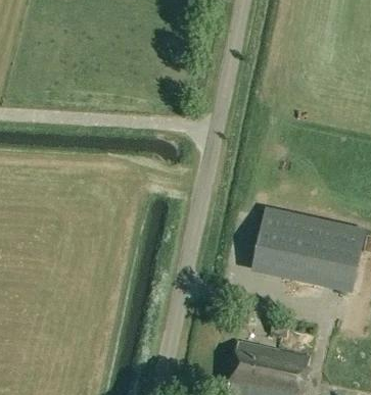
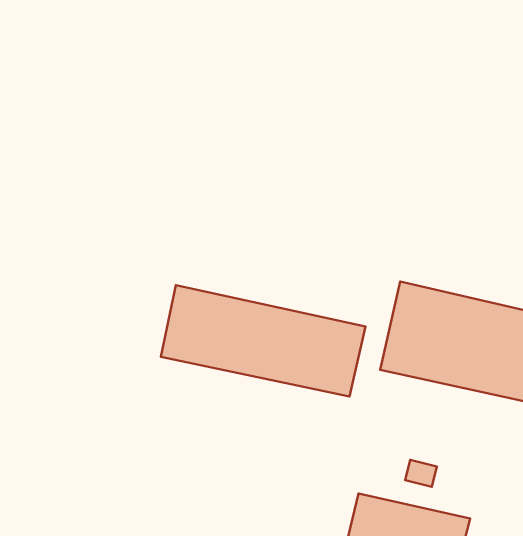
building: none -> [161,285,366,396]

